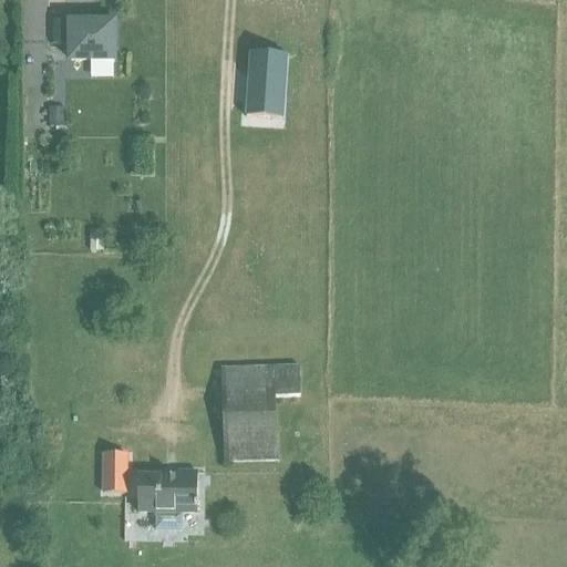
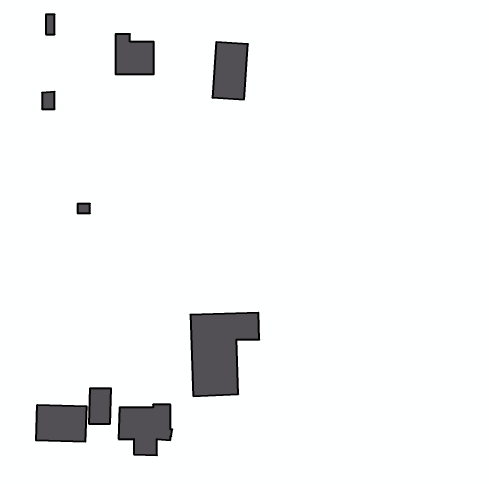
building: [70,10,114,56] -> [116,34,154,74]
building: none -> [36,405,87,442]

